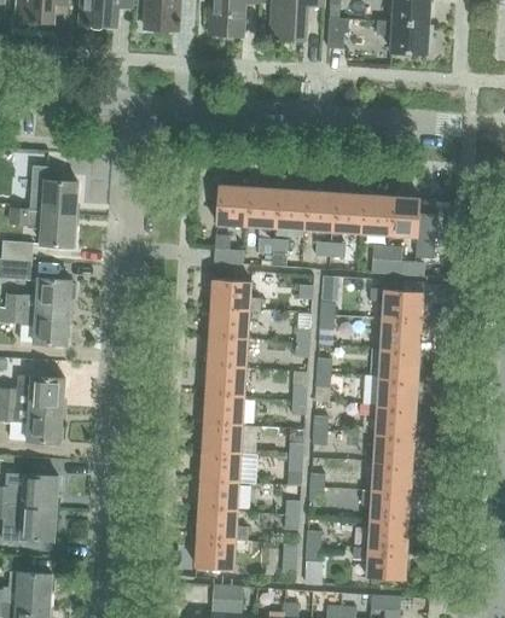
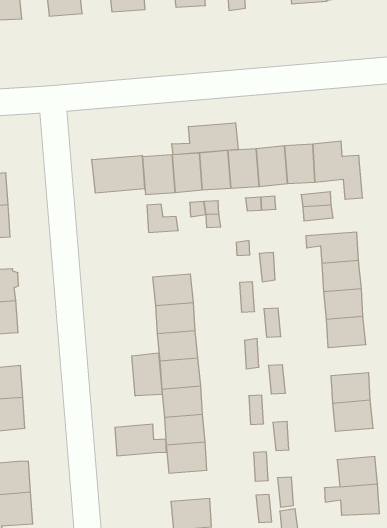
building: none -> [172,123,238,155]
building: none -> [92,155,144,193]
building: [210,279,261,311] -> none
building: none -> [132,353,162,396]
building: [376,404,416,436] -> none
building: [361,489,411,521] -> none
building: [196,508,248,541] -> [115,424,166,456]

